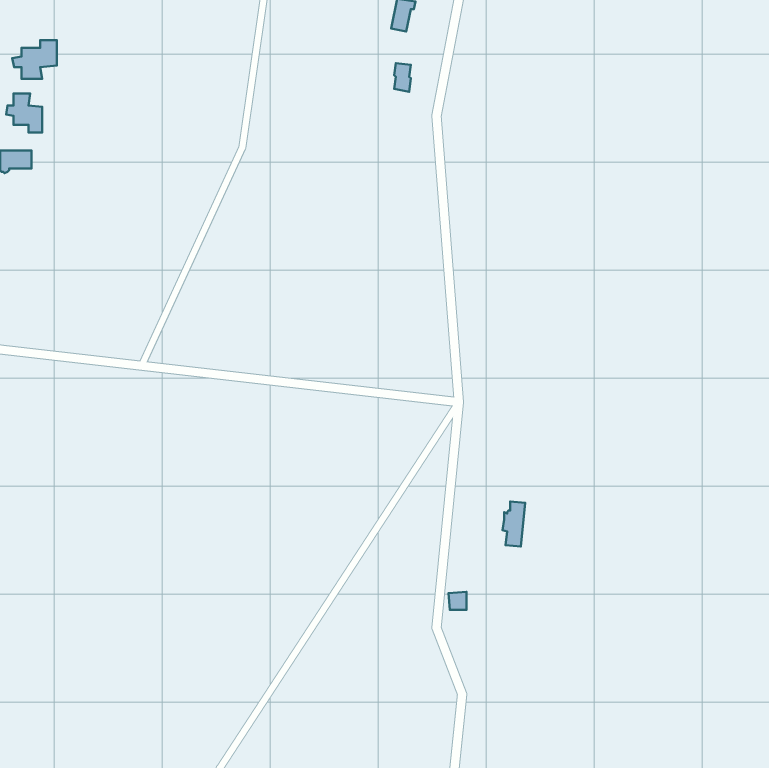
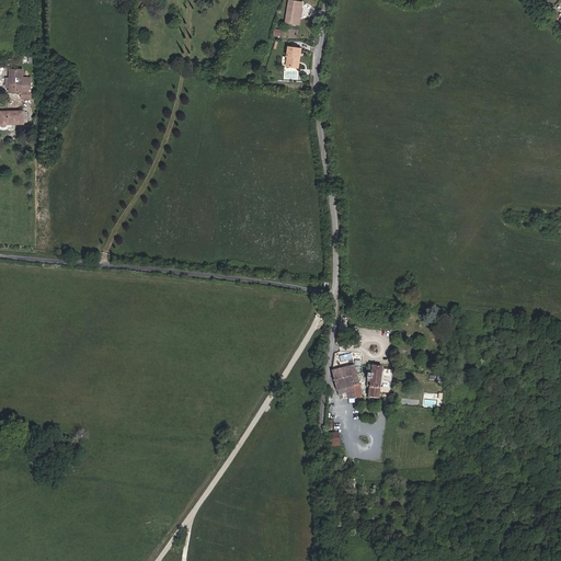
building: [12,40,57,79] -> none
building: none -> [332,364,363,397]

